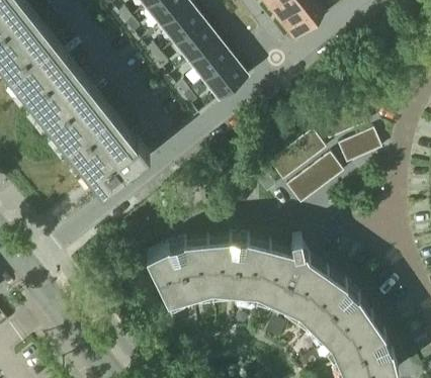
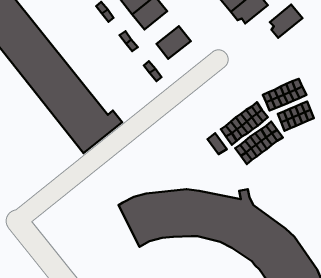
building: none -> [270,4,302,38]
building: [177,23,219,63] -> none
building: [205,60,248,100] -> none

